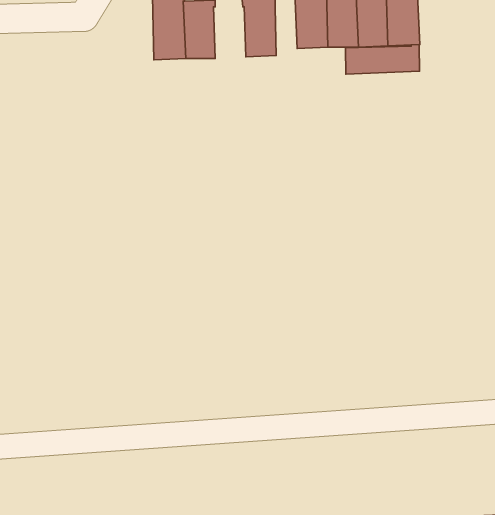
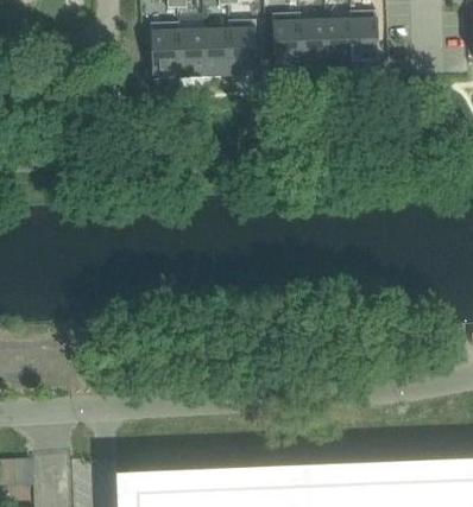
building: none -> [203,31,231,75]
building: [346,44,420,74] -> none

